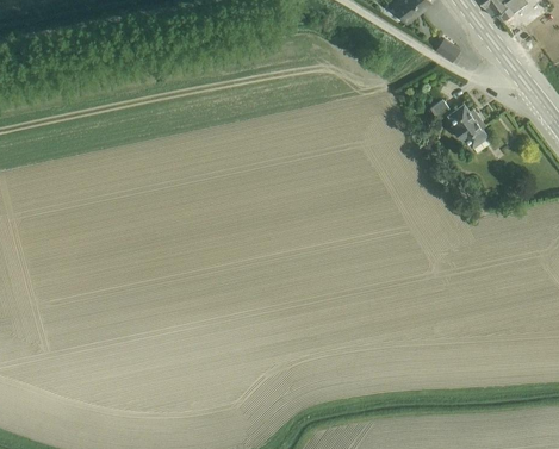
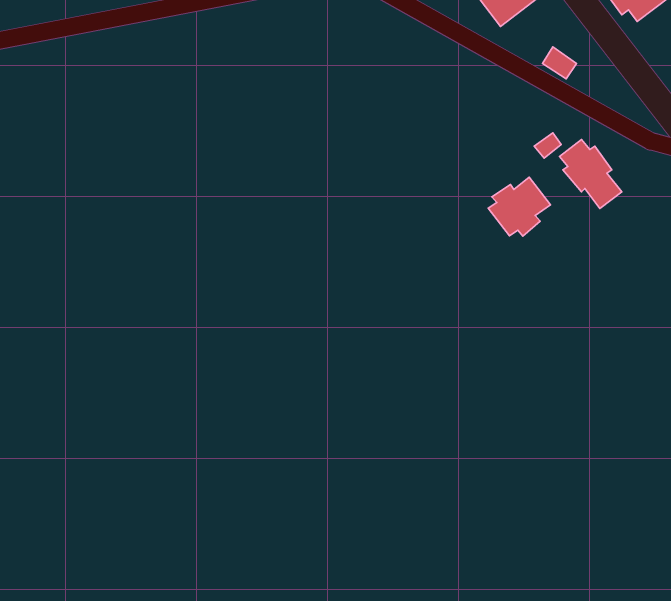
building: none -> [488,177,550,236]

